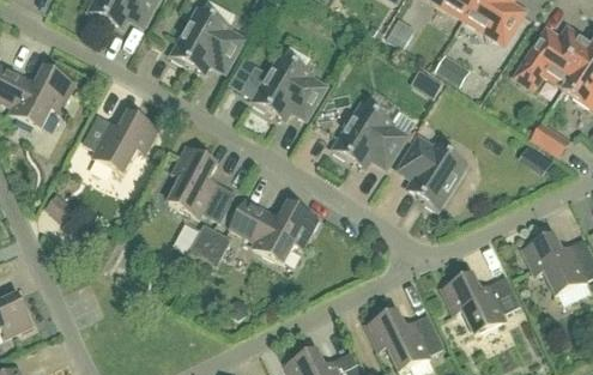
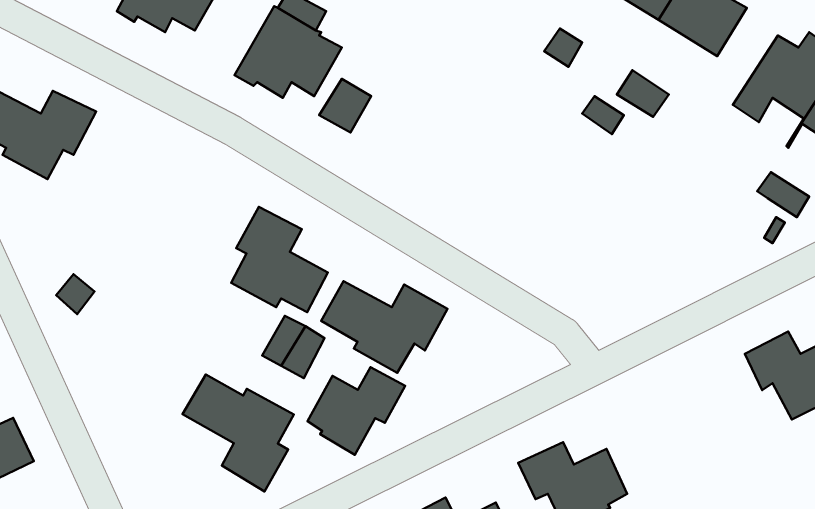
building: [252,55,326,119] -> none
building: [332,103,406,167] -> none
building: [84,111,158,173] -> none
building: [399,137,466,211] -> none
building: none -> [308,367,405,455]
building: none -> [182,375,294,491]
building: [442,273,519,334] -> none

